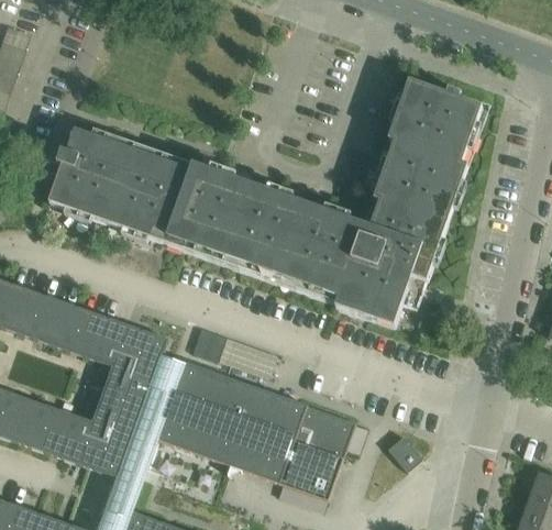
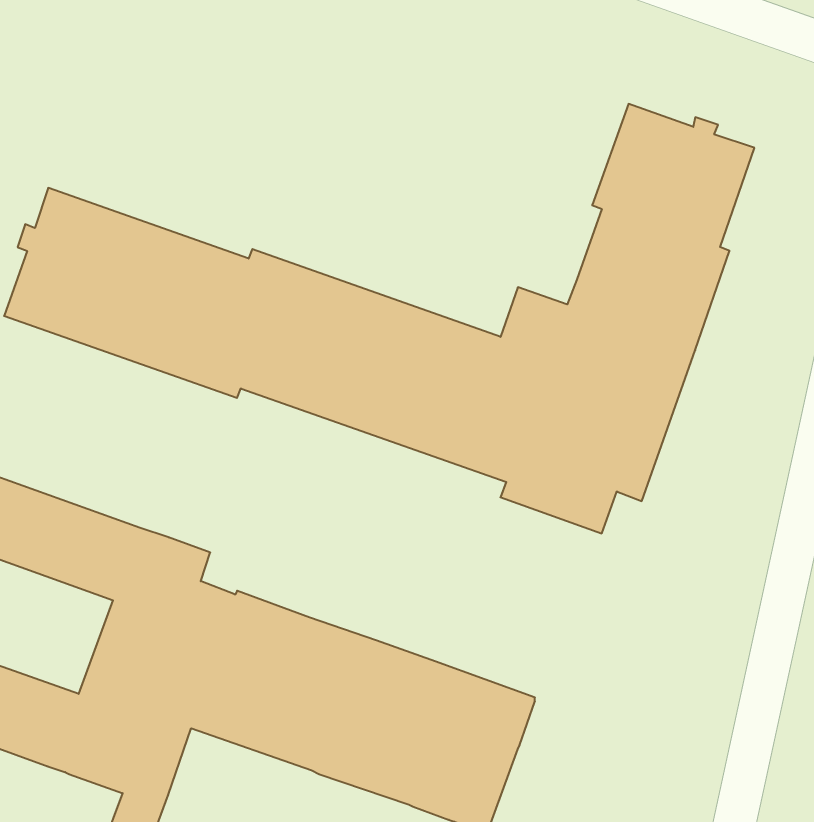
building: [387,434,422,471] -> none

